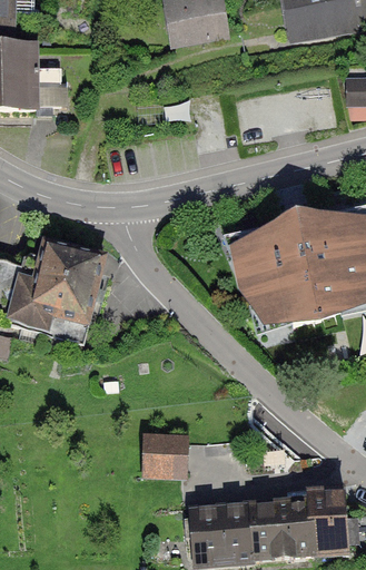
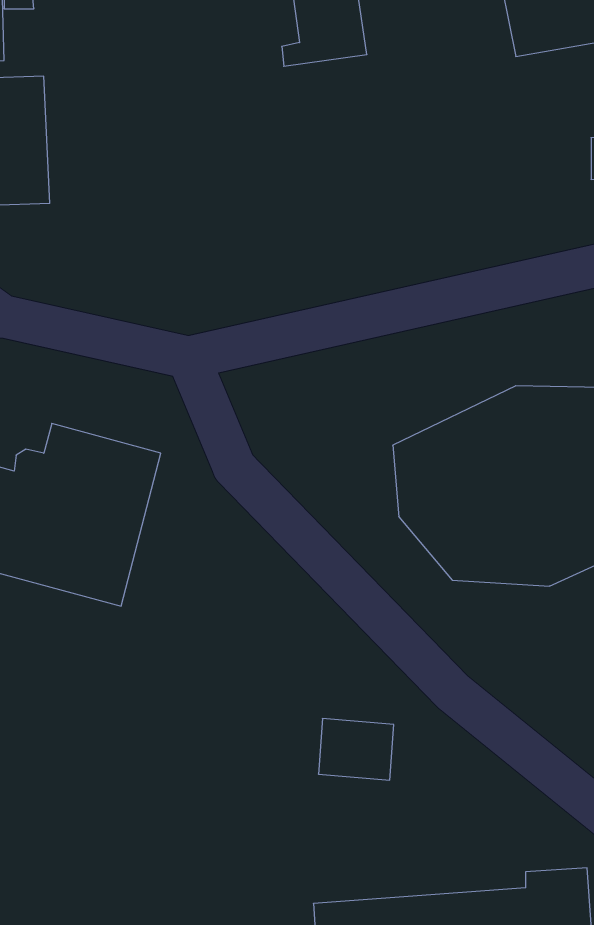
building: [142,438,185,472] -> [318,719,394,780]

